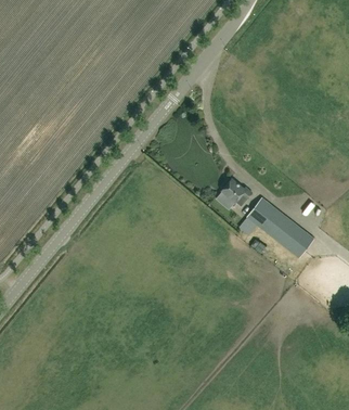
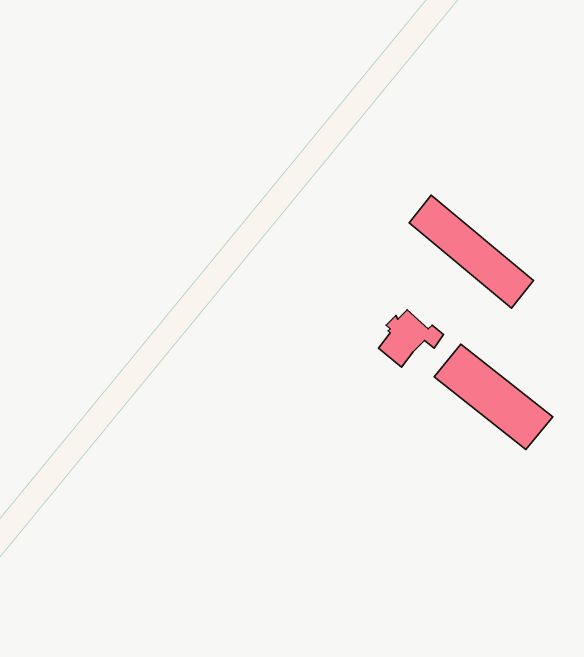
building: none -> [409,195,533,308]

